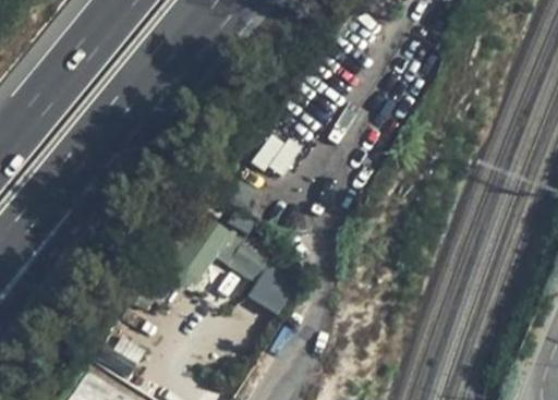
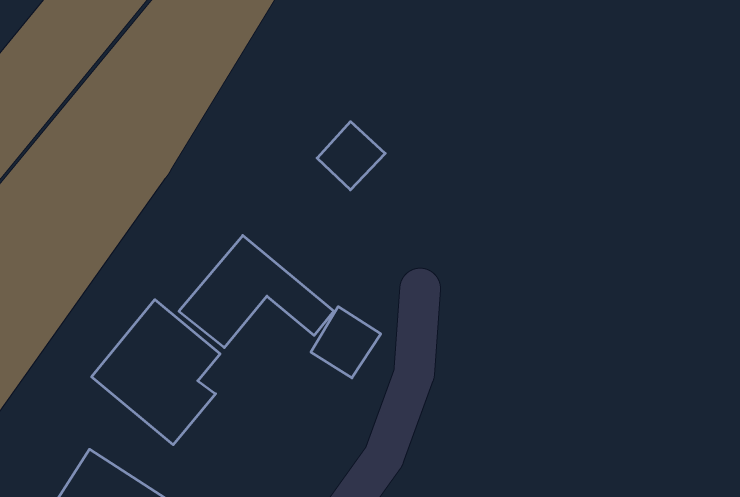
building: none -> [92,300,220,445]

